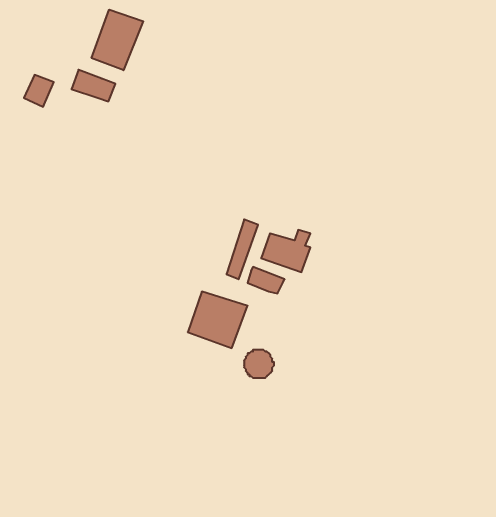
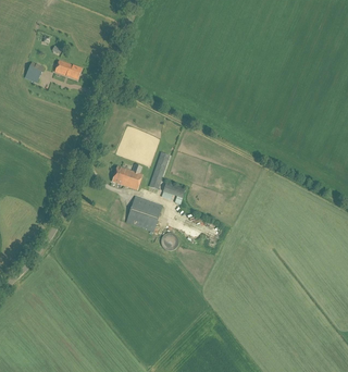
building: [92,10,143,70] -> none
building: [261,230,310,272] -> [112,163,142,189]

